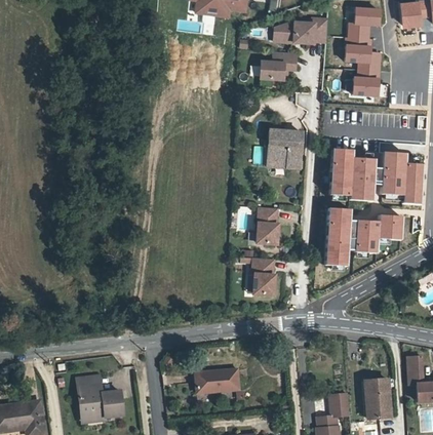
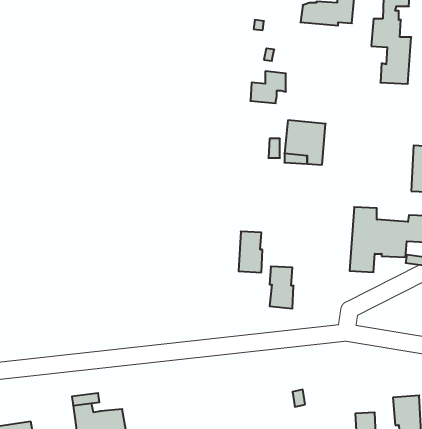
building: [265,51,297,80] -> [250,71,286,103]
building: [329,149,375,200] -> none
building: [258,209,279,246] -> [239,231,262,272]
building: [196,366,240,392] -> none

